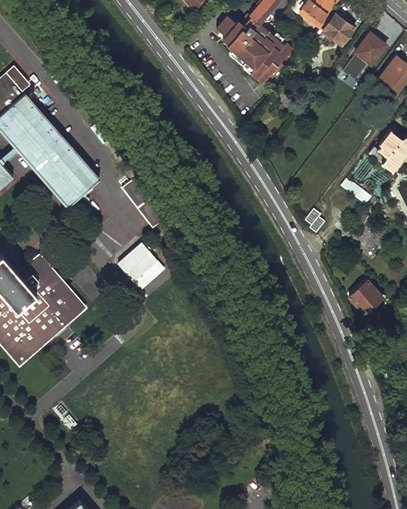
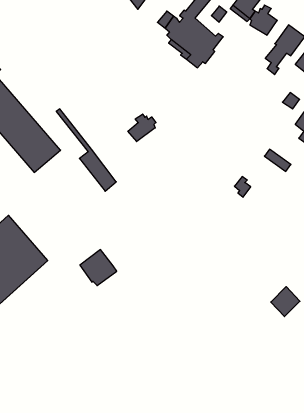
building: none -> [128,114,156,142]
building: [117,242,160,284] -> [80,250,117,286]
building: [348,281,382,316] -> [271,287,300,317]

